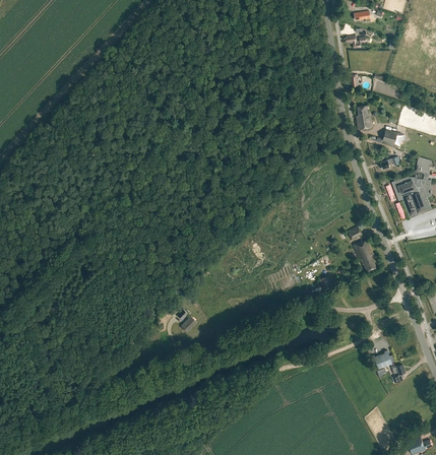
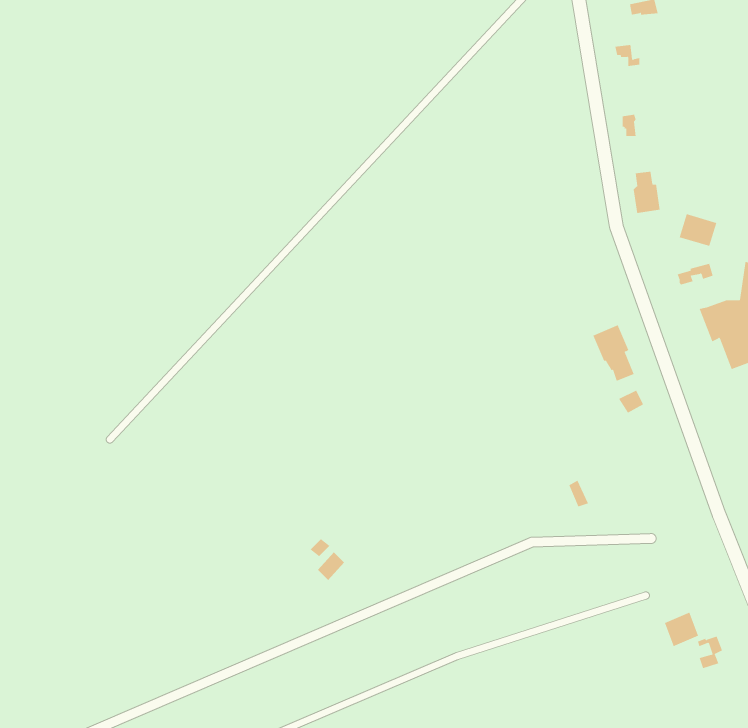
building: [353,240,376,271] -> [592,325,635,381]

